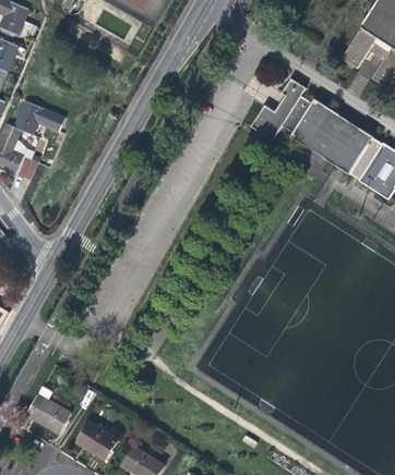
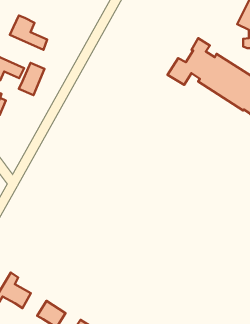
building: none -> [10,16,47,50]
building: none -> [19,63,45,95]

